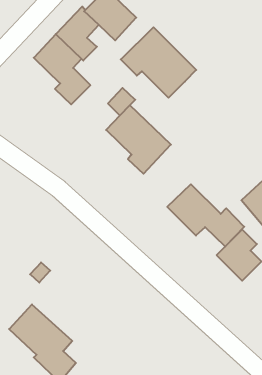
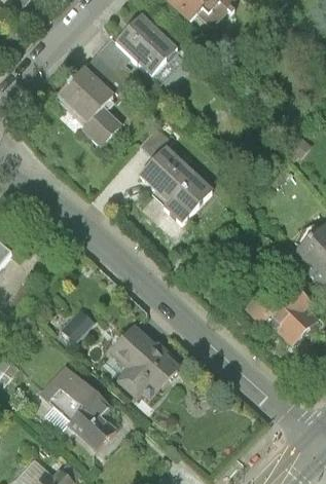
building: [121,27,196,98] -> none
building: [167,184,244,247] -> none
building: none -> [105,333,168,401]

